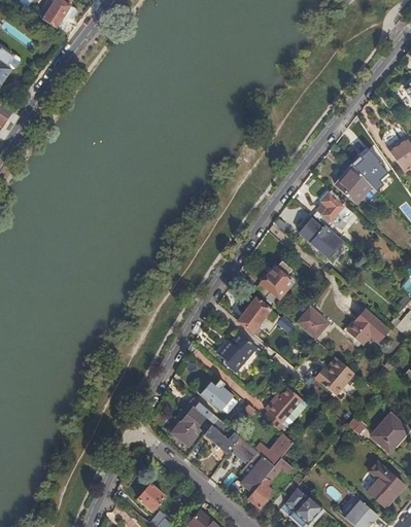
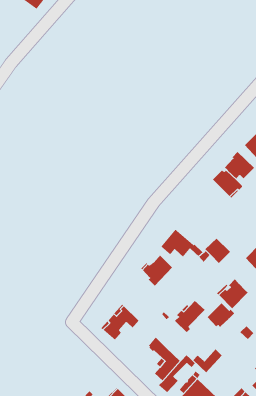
building: [256,261,294,301] -> none
building: [201,380,234,412] -> none
building: none -> [207,303,235,328]
building: [205,419,240,454] -> none
building: [255,434,294,466] -> [192,349,222,373]
building: [138,484,165,512] -> none

